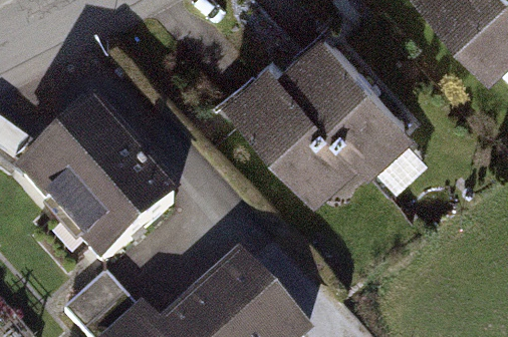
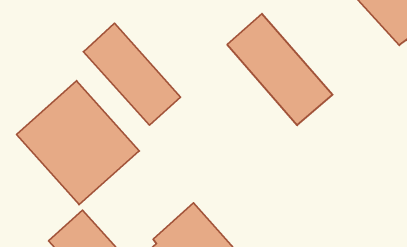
building: none -> [83,23,180,125]
building: [228,57,356,193] -> none

